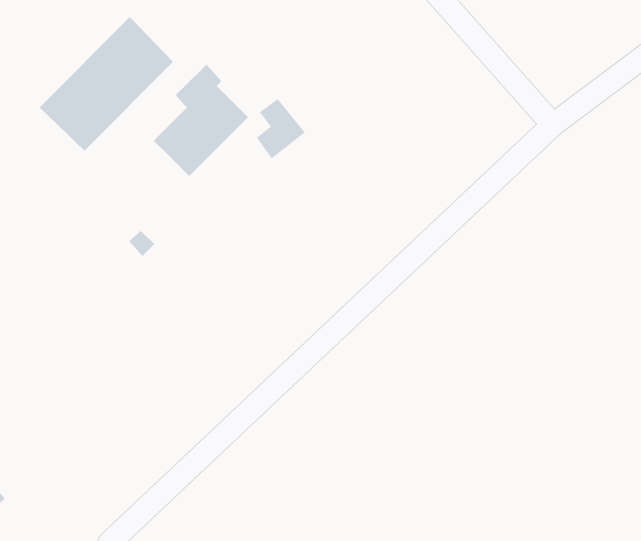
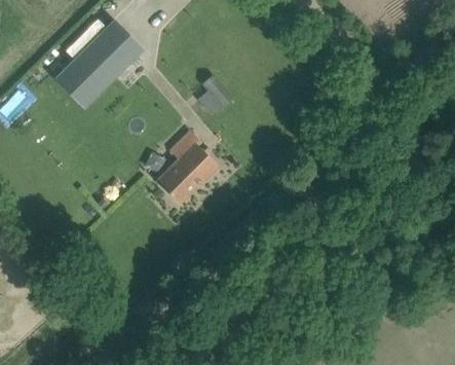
building: [153,64,249,177] -> [156,131,219,205]

